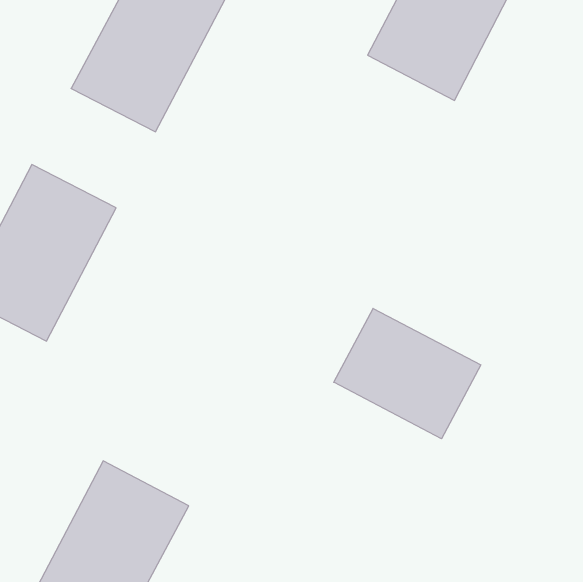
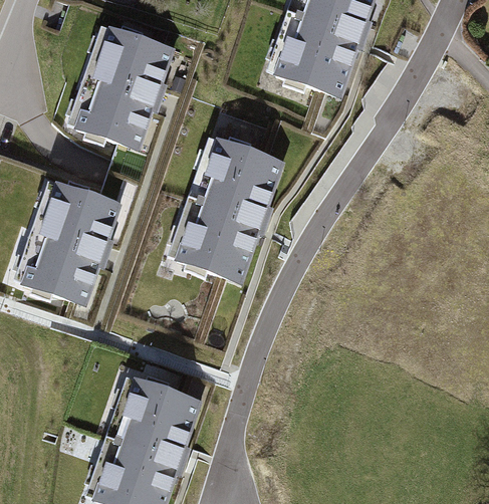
building: none -> [176,141,281,281]
building: [334,308,481,439] -> none

